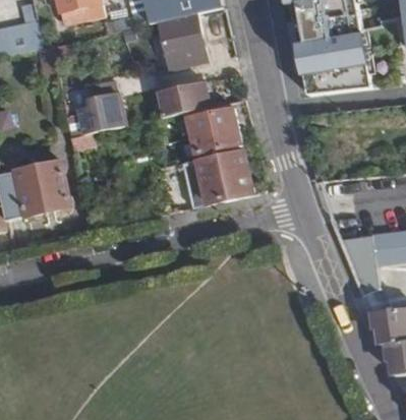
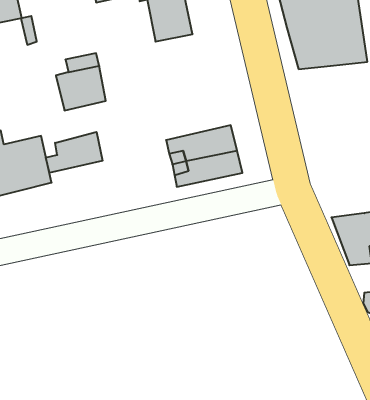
building: [156,79,211,117] -> none
building: [190,105,242,152] -> none
building: none -> [46,132,103,173]

